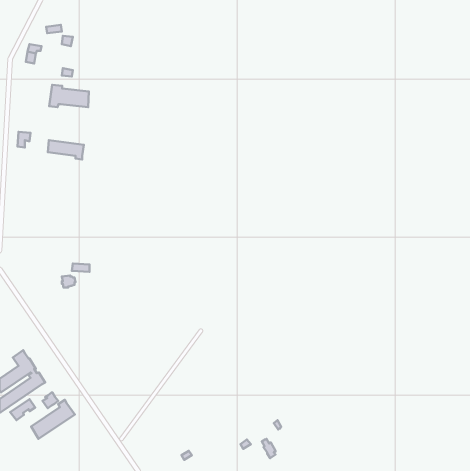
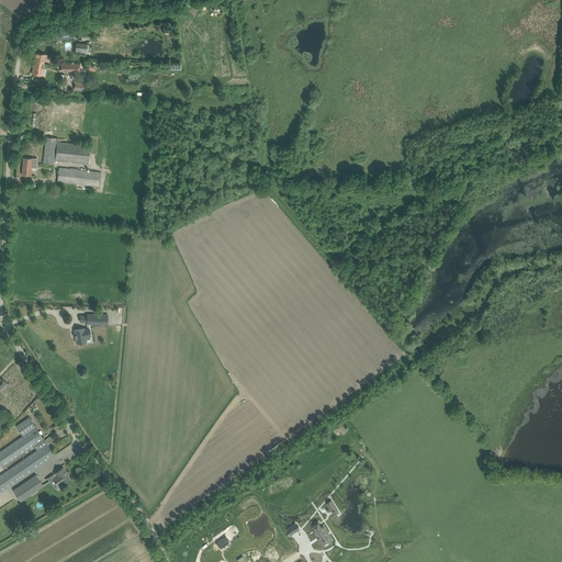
building: [49,85,89,107] -> [42,137,89,164]
building: [31,400,75,439] -> none

